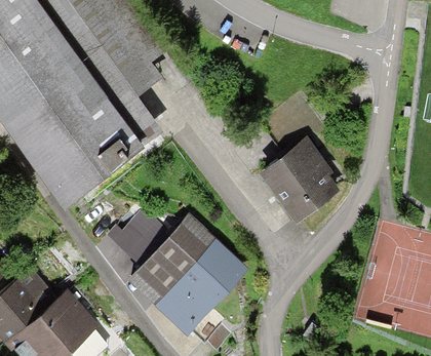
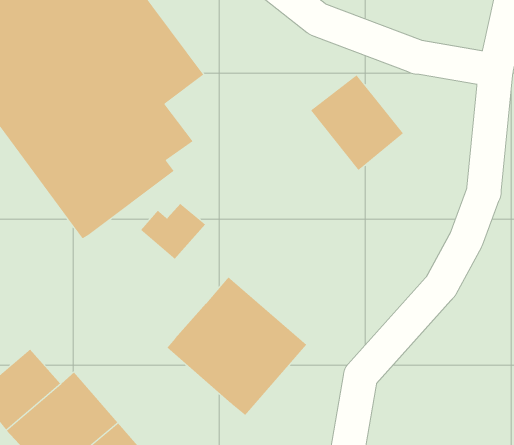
building: [260,147,331,221] -> [310,74,404,171]
building: [112,224,162,267] -> [140,203,206,259]

